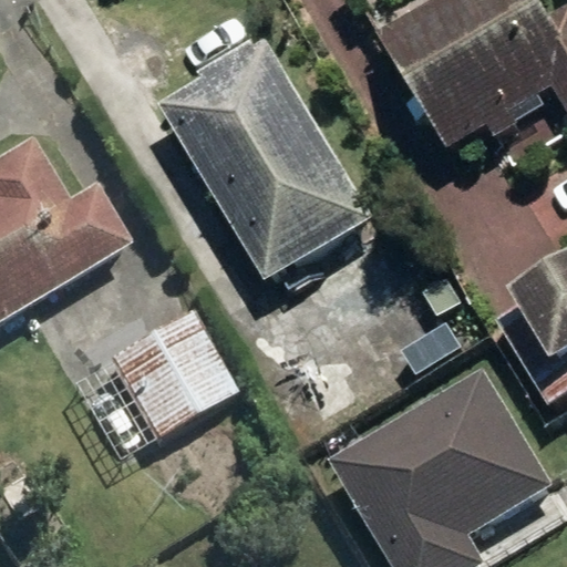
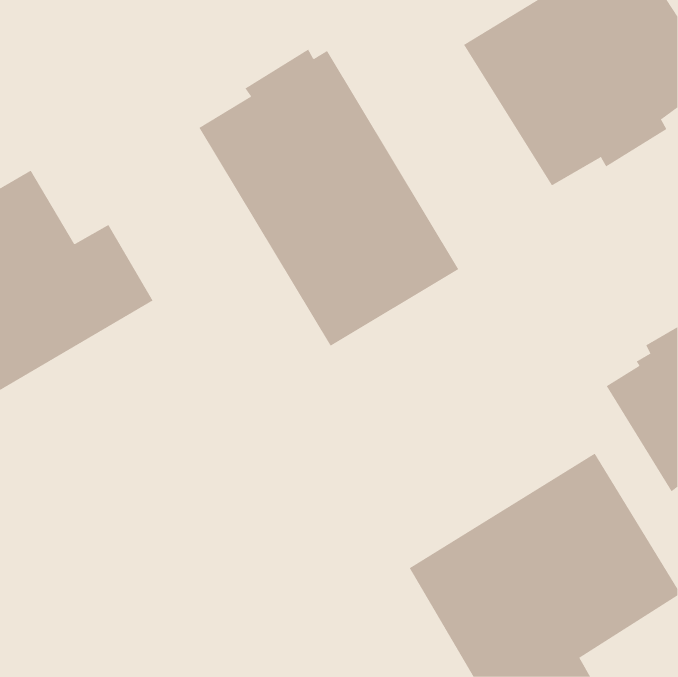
building: [64,310,231,458] -> none

